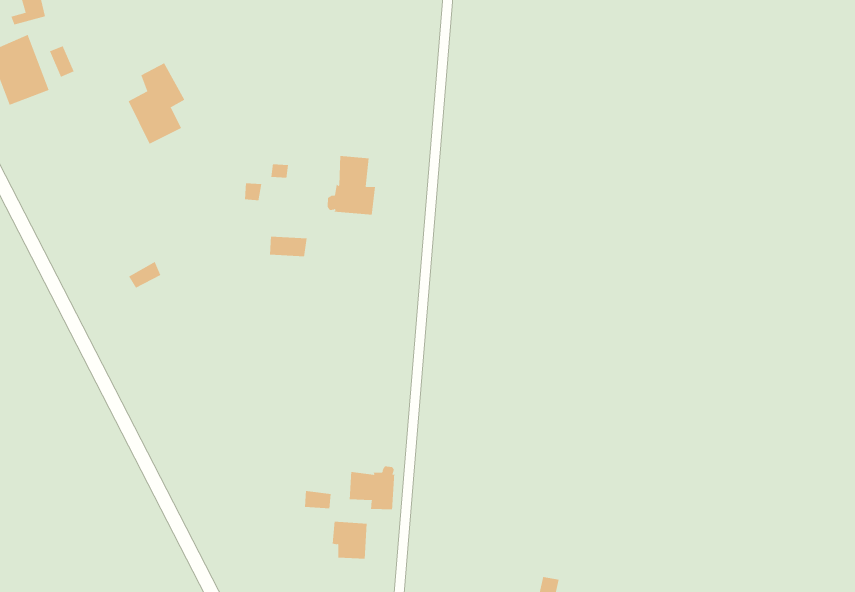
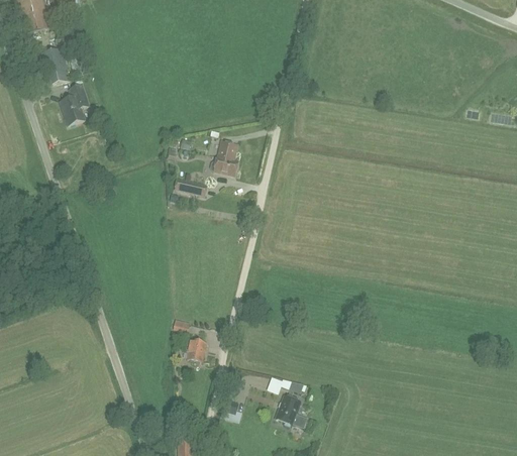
building: [128,62,185,144] -> [58,83,89,126]
building: [349,466,395,510] -> none

